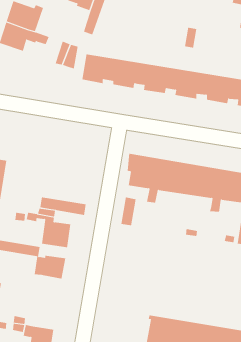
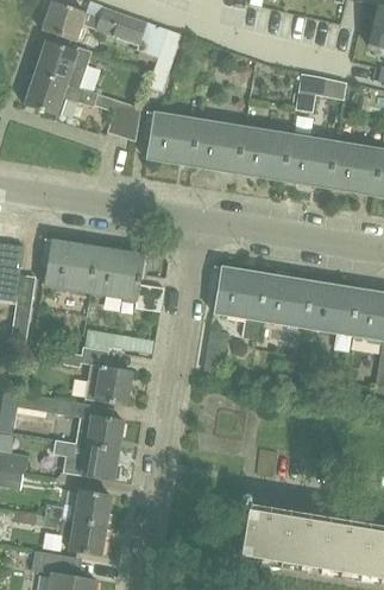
building: none -> [40,237,164,311]
building: none -> [53,439,118,480]
building: none -> [75,489,111,524]

